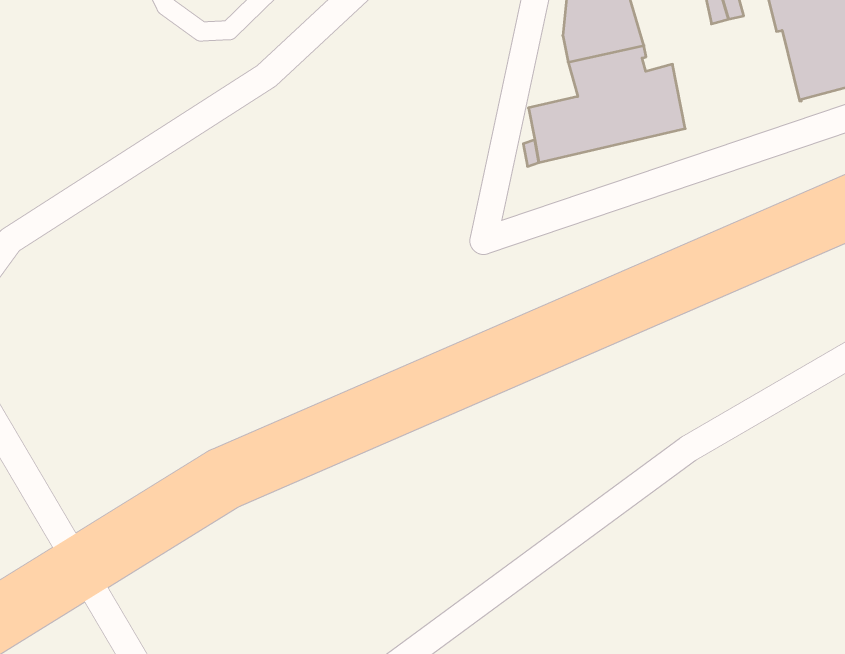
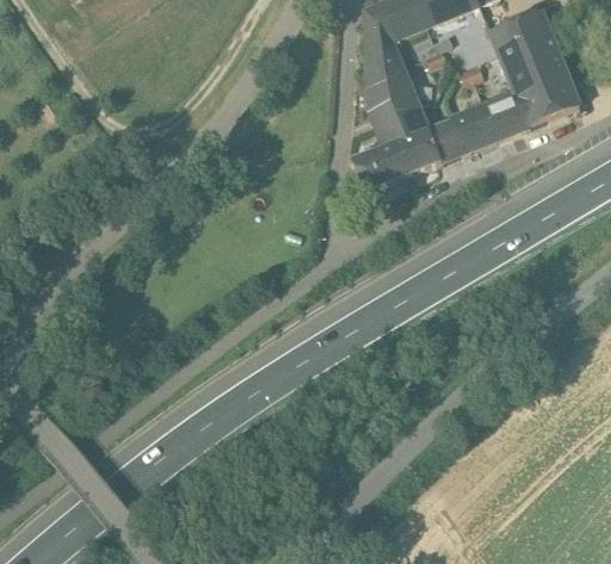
building: none -> [443,83,529,156]

